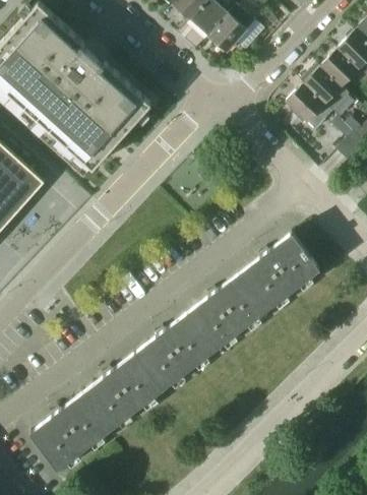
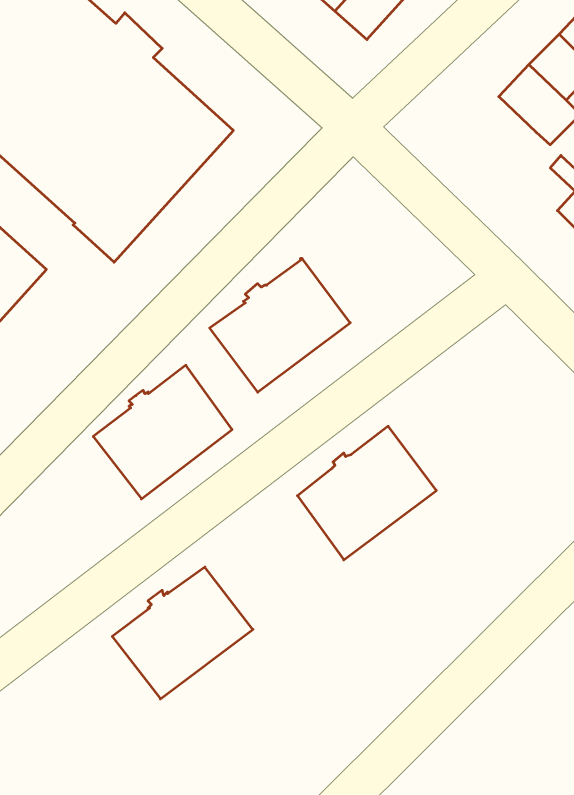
building: [286,85,332,131] -> none
building: [240,234,320,310] -> [210,259,350,392]
building: [135,313,215,389] -> [93,365,232,499]
building: [30,393,110,469] -> none

